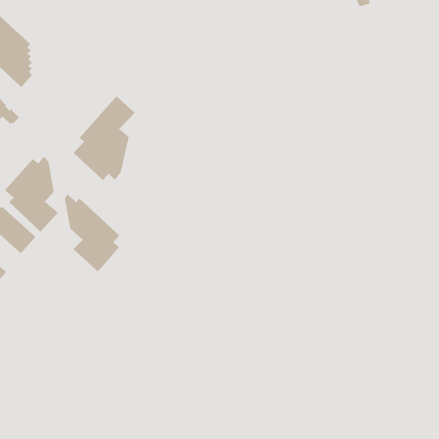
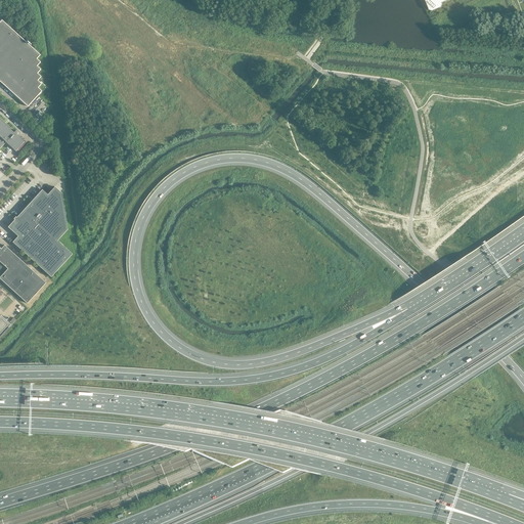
building: [73,95,136,181] -> none
building: [64,193,120,273] -> none

